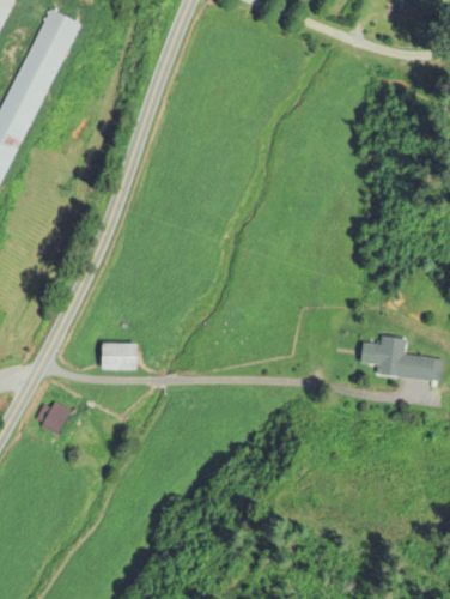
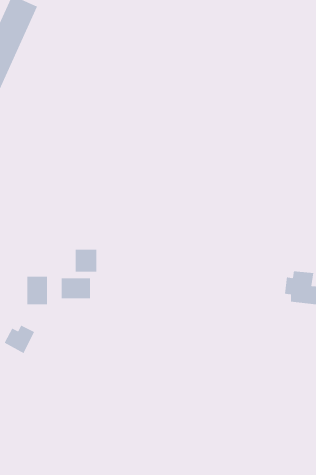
building: none -> [75,249,97,272]
building: none -> [27,276,48,305]

